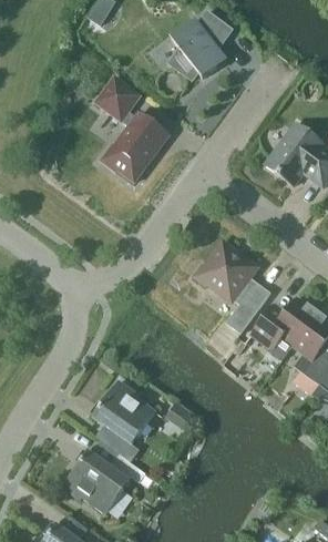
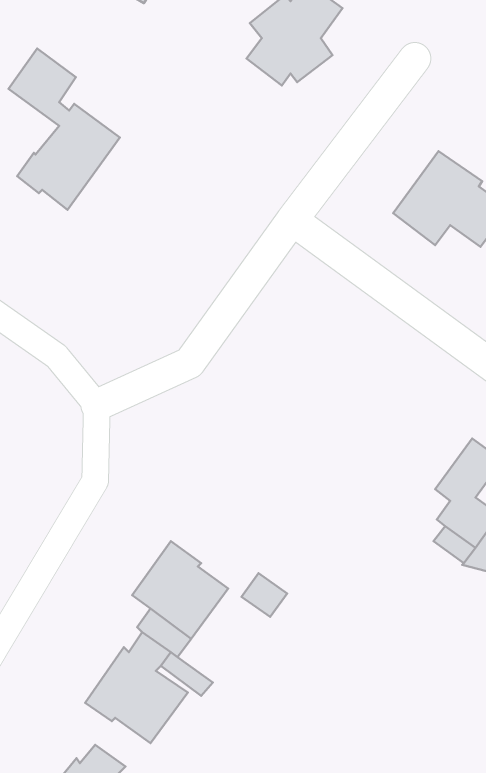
building: [95,75,168,182] -> [9,48,120,210]
building: [194,243,270,334] -> none
building: [252,297,317,349] -> none

